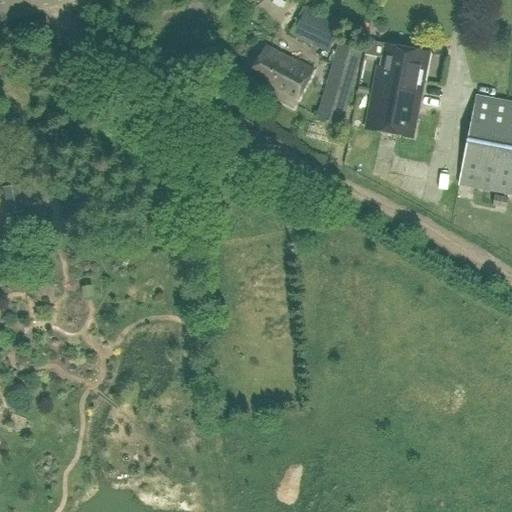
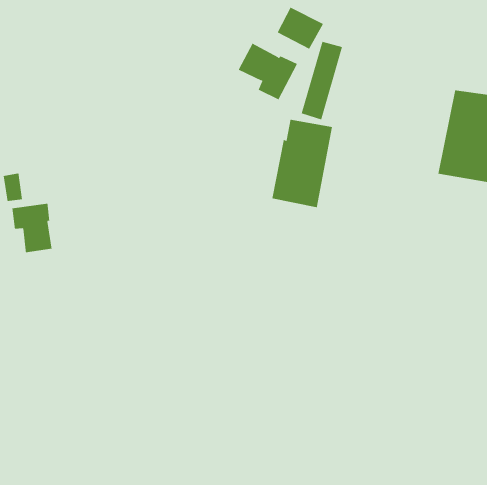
building: [365,43,429,136] -> [272,119,333,208]
building: none -> [12,203,52,253]

